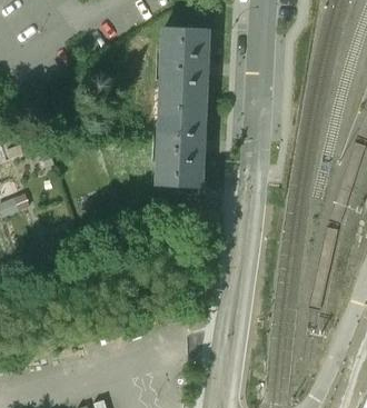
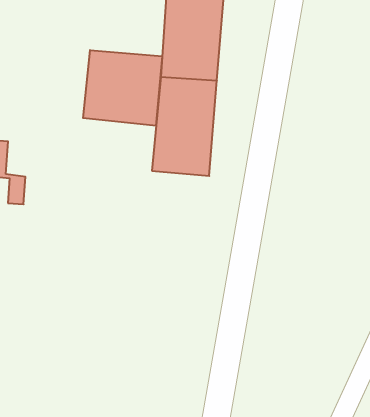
building: none -> [83,50,162,126]

